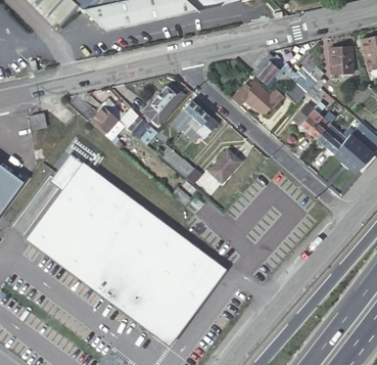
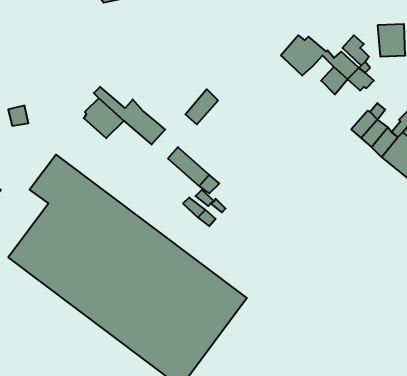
building: [232,82,280,111] -> none
building: [143,86,184,125] -> none
building: [292,102,325,133] -> none
building: [183,109,217,138] -> none
building: [208,150,241,183] -> none

